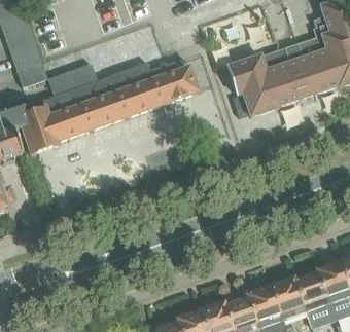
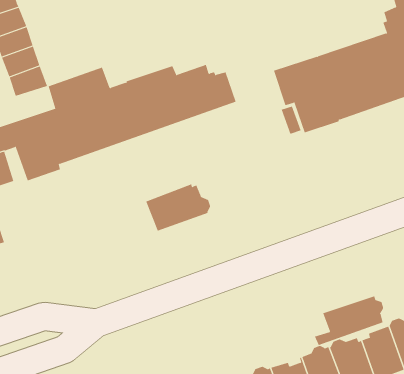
building: none -> [145,183,211,232]
building: none -> [314,296,384,346]

